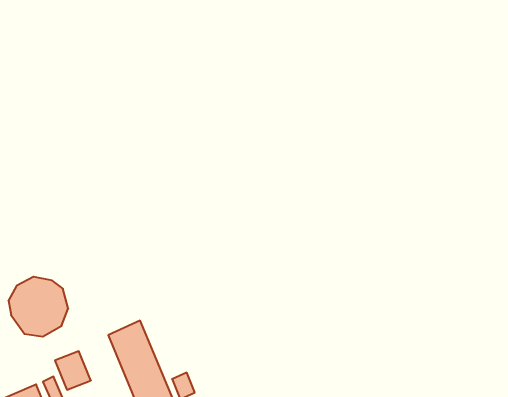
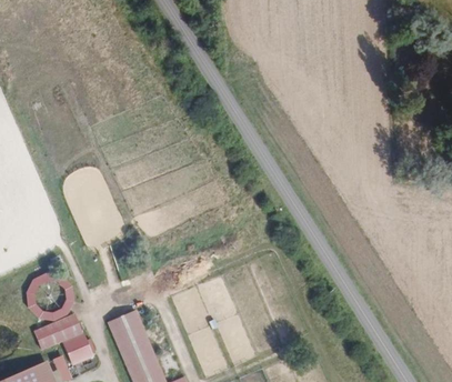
building: none -> [33,313,83,351]

